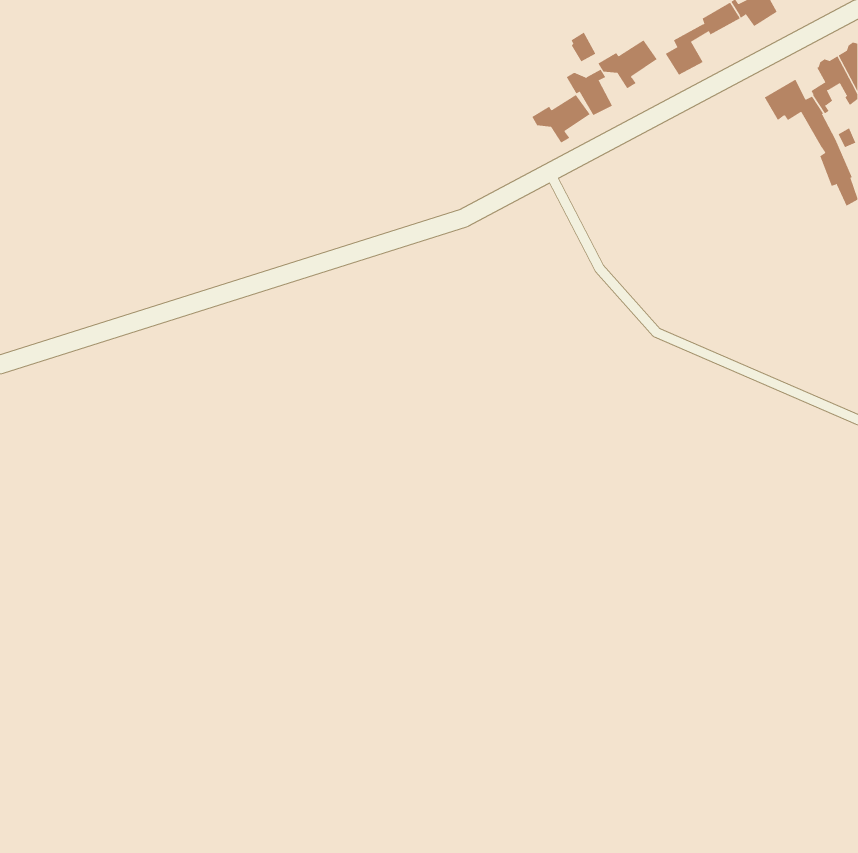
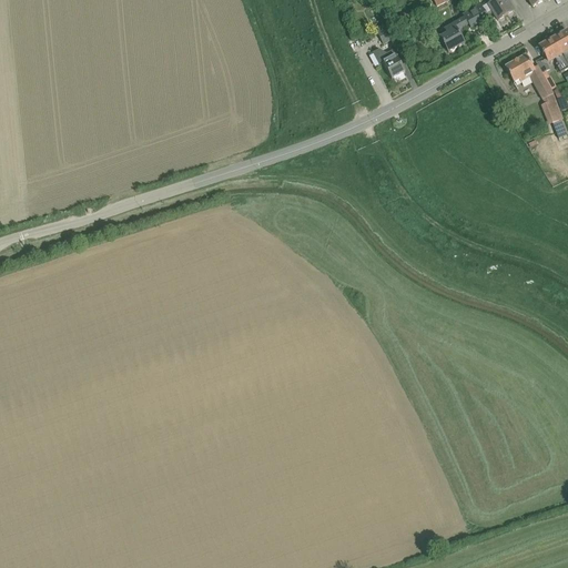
building: [598,40,658,89] -> none
building: [531,94,590,144] -> none

